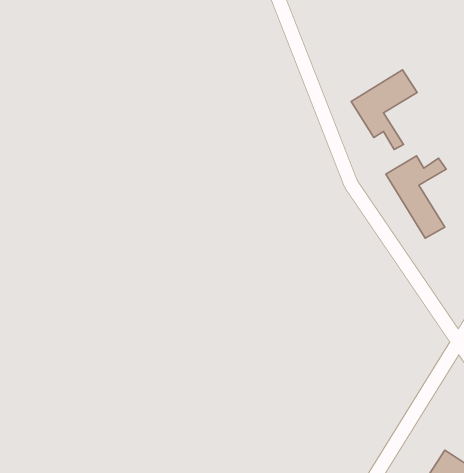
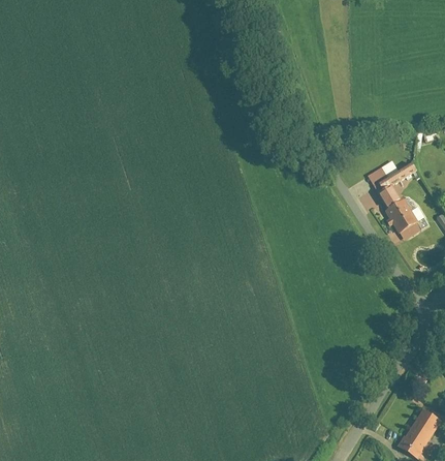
building: [351,70,417,150] -> none

